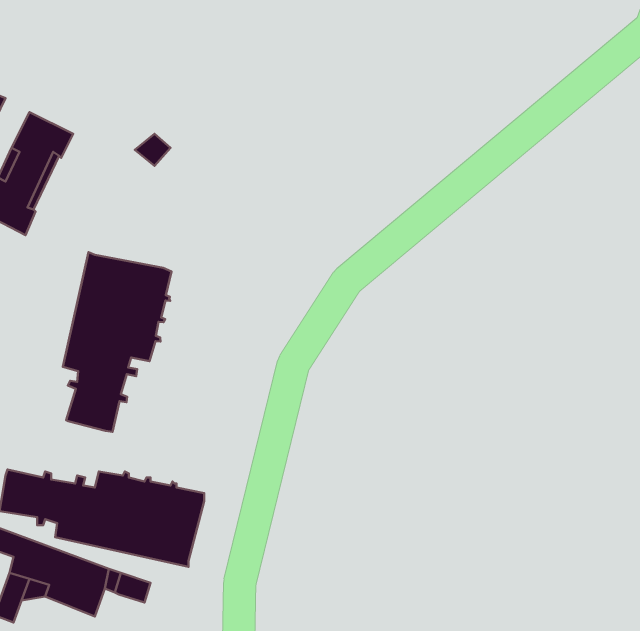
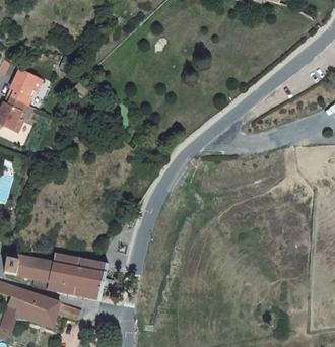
building: [63,252,171,432] -> none

